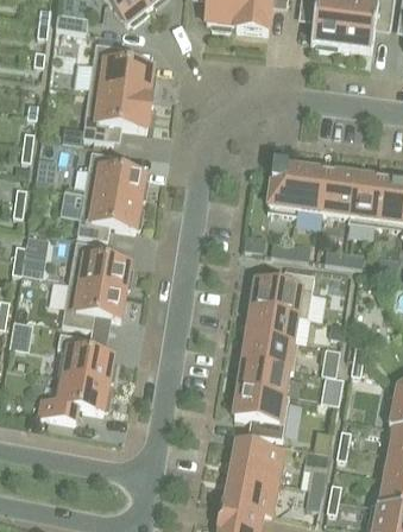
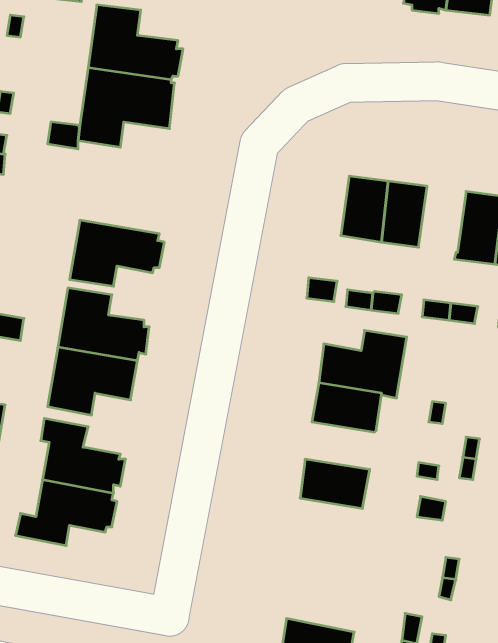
building: [84,151,149,202] -> none
building: [322,169,355,215] -> none
building: [243,334,297,369] -> none
building: [234,387,289,437] -> none
building: [229,439,283,481] -> none

